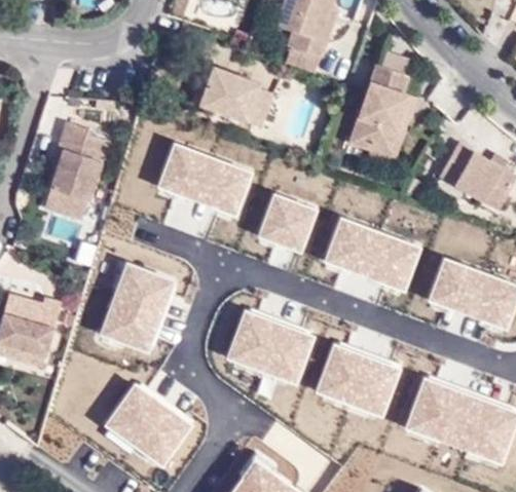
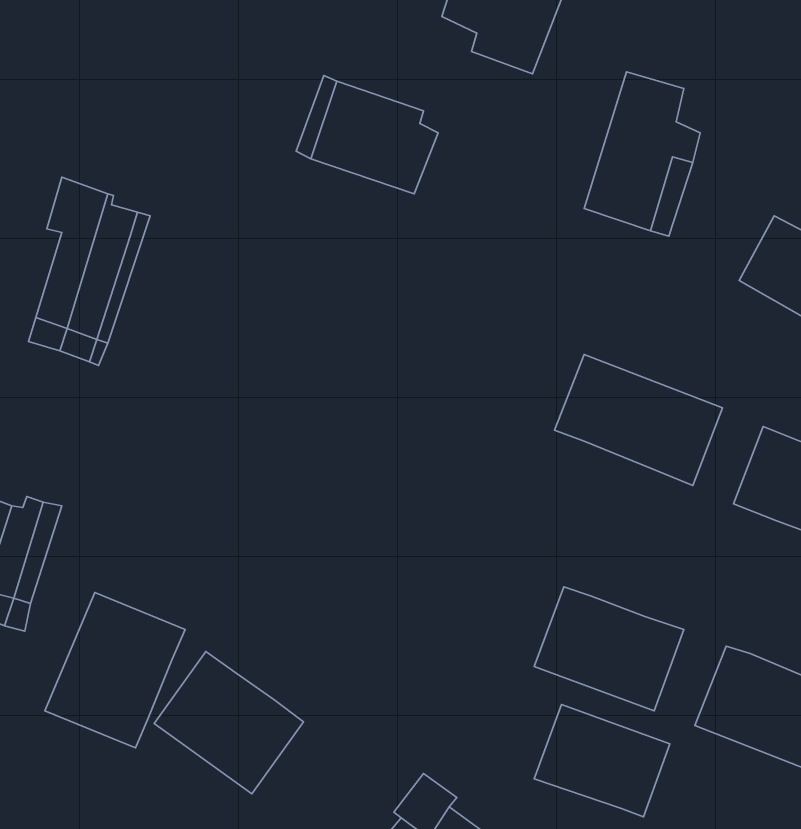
building: [159,143,254,216] -> none
building: [262,193,322,252] -> none
building: [99,264,177,350] -> [45,593,185,748]
building: [232,316,316,385] -> none
building: none -> [534,705,670,817]

